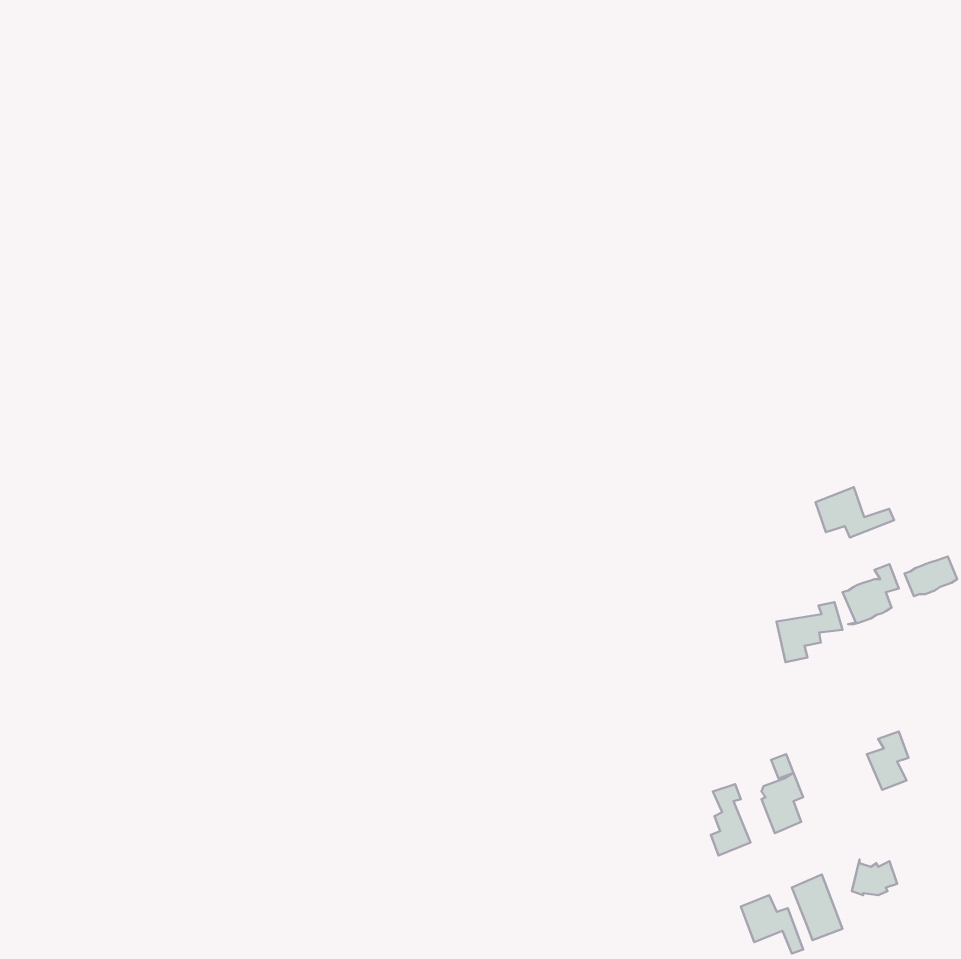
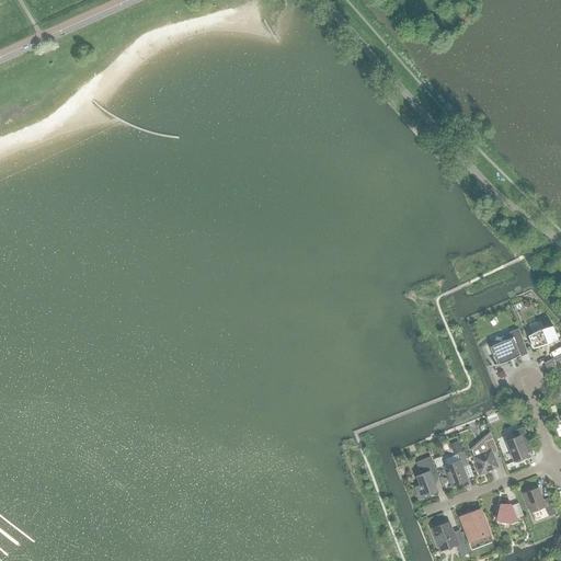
building: [815,487,894,538] -> none
building: [776,602,842,662] -> none
building: none -> [470,437,499,474]
building: none -> [523,486,556,515]

